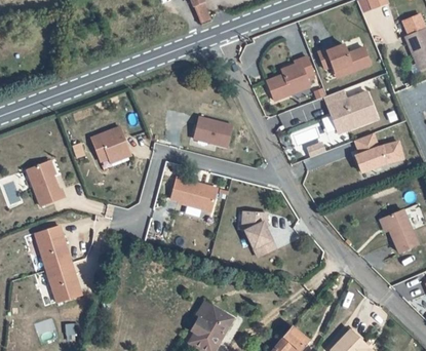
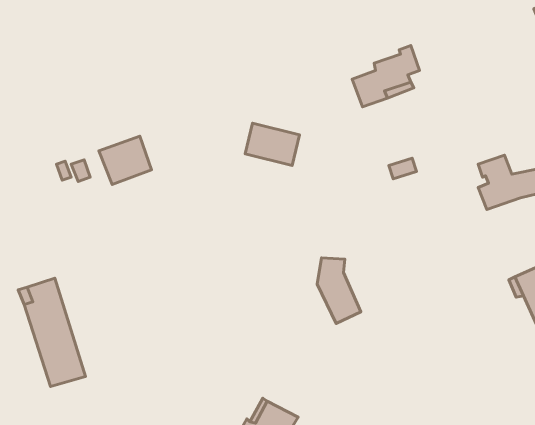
building: [321,47,372,75] -> none
building: [325,92,378,135] -> none
building: [27,157,65,202] -> none
building: [170,173,217,206] -> none

